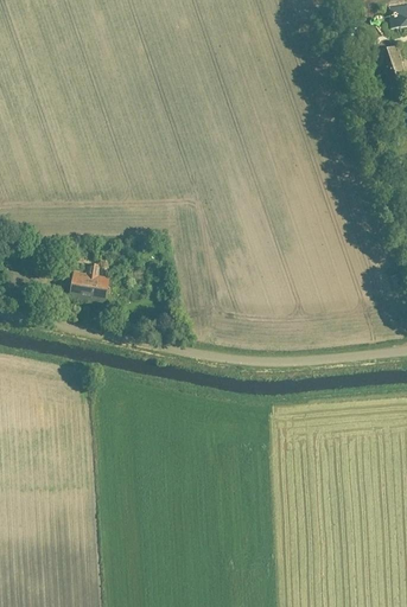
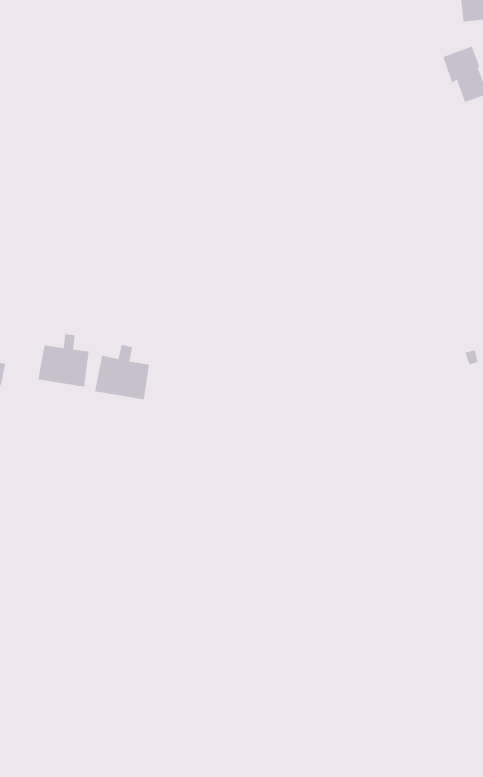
building: none -> [94,344,150,400]

